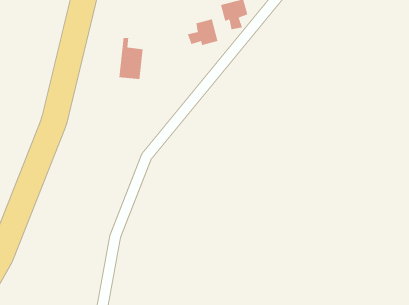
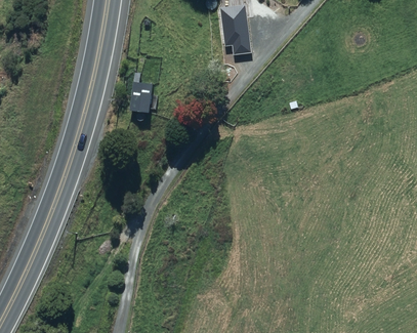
building: [187,18,218,46] -> none

